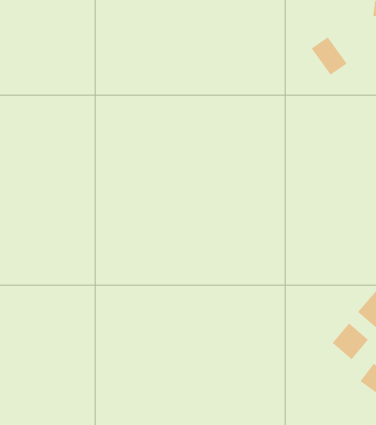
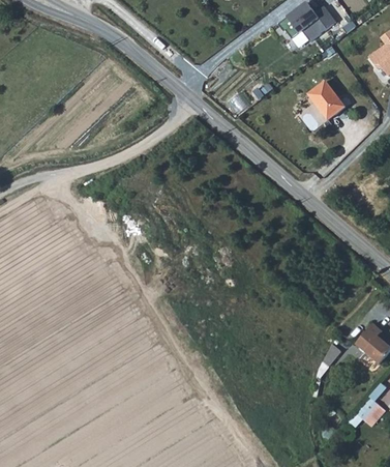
building: [332,322,369,360] -> none

